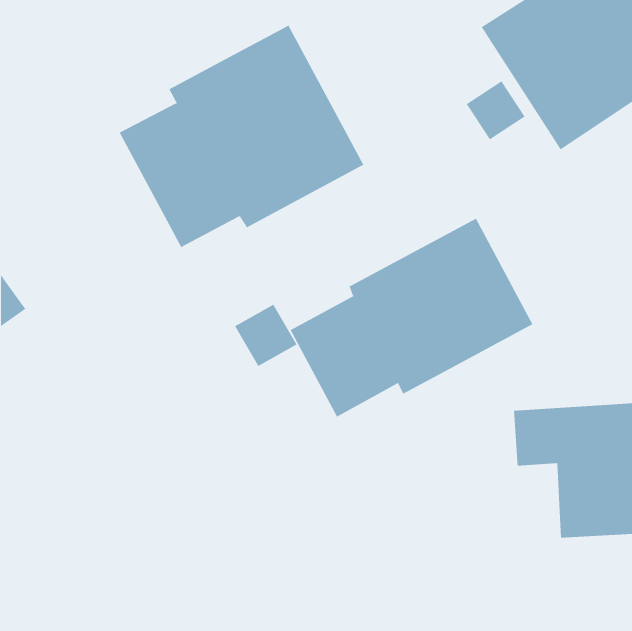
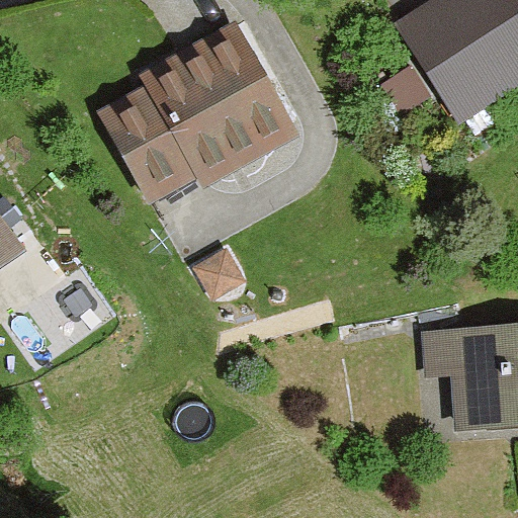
building: [290,218,533,417] -> none

